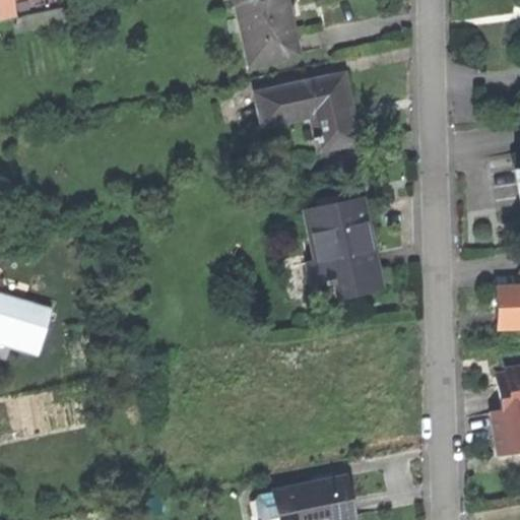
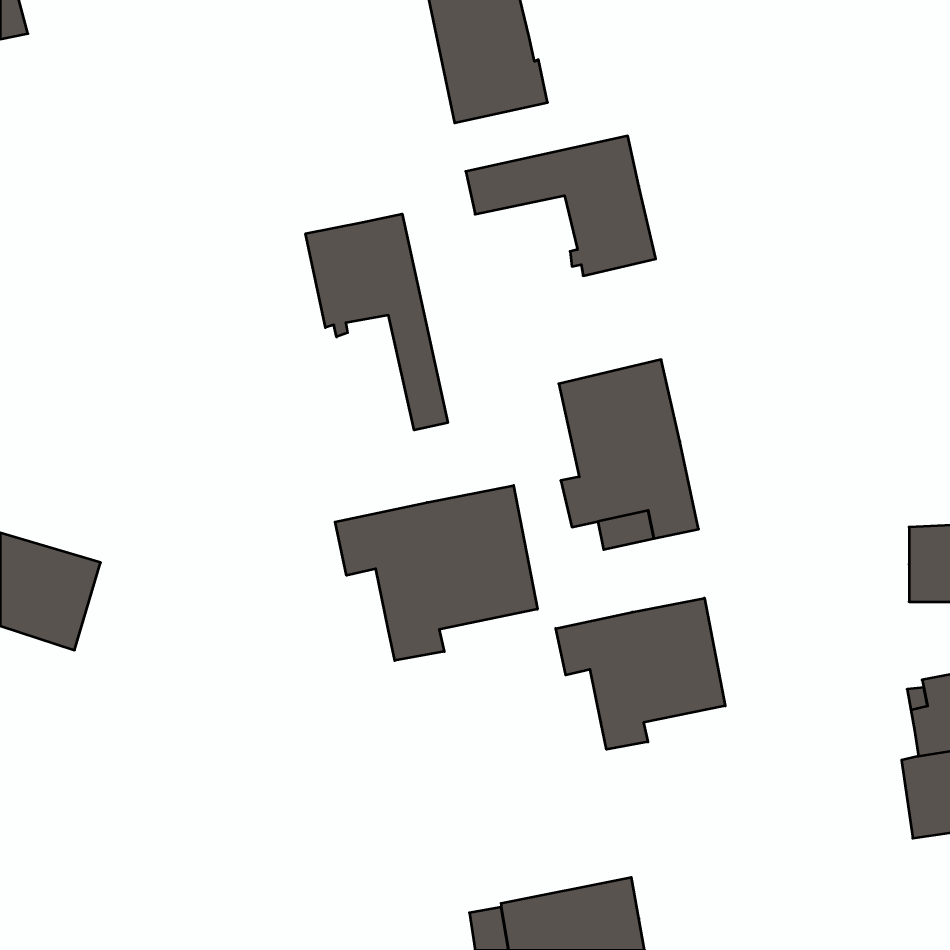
building: none -> [306,214,448,430]
building: none -> [335,485,537,661]
building: none -> [556,598,725,749]

